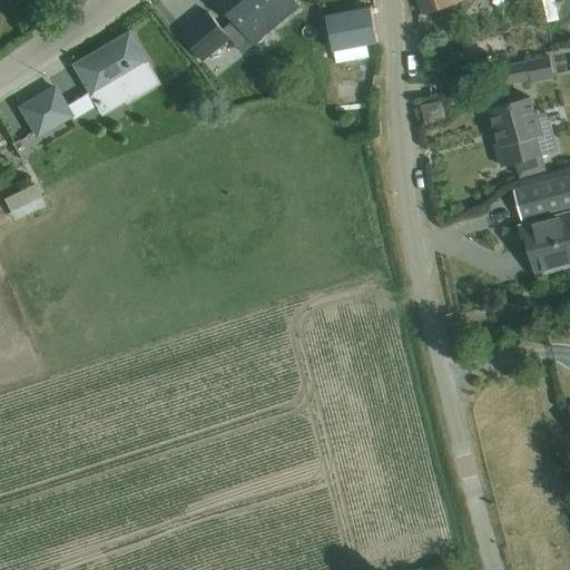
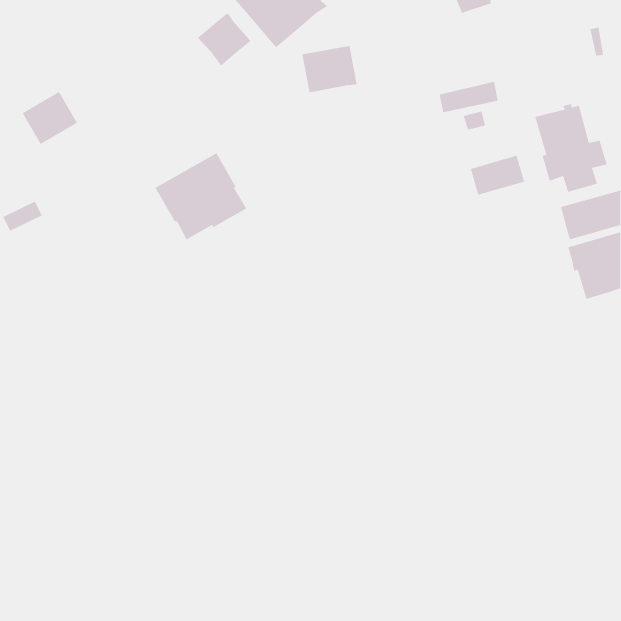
building: [325,7,376,50] -> [301,46,358,93]
building: [72,33,157,114] -> [155,152,247,240]
building: [498,56,552,85] -> [439,81,498,113]
building: none -> [470,155,525,196]

